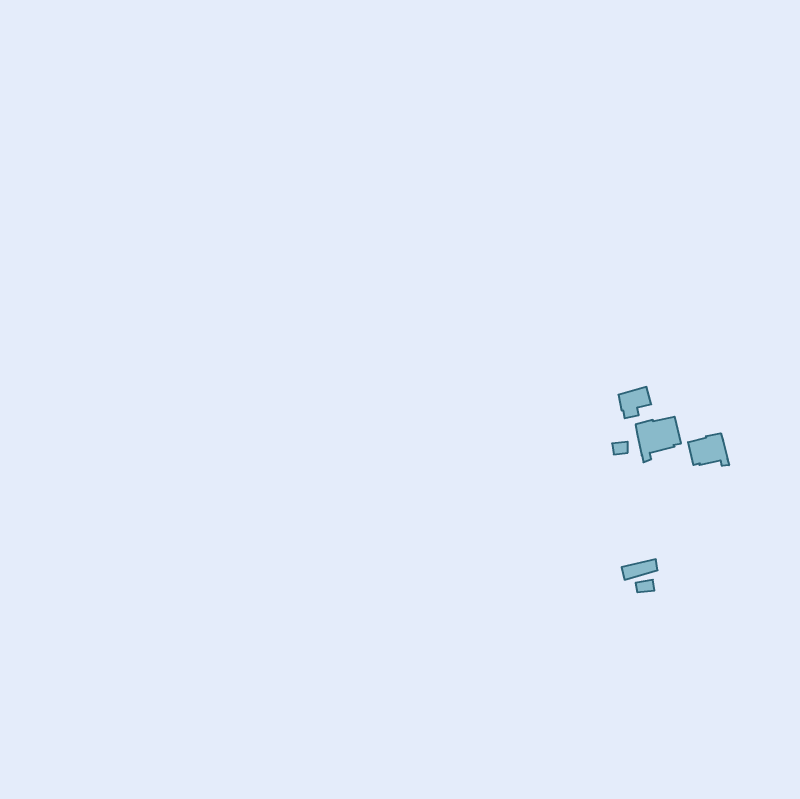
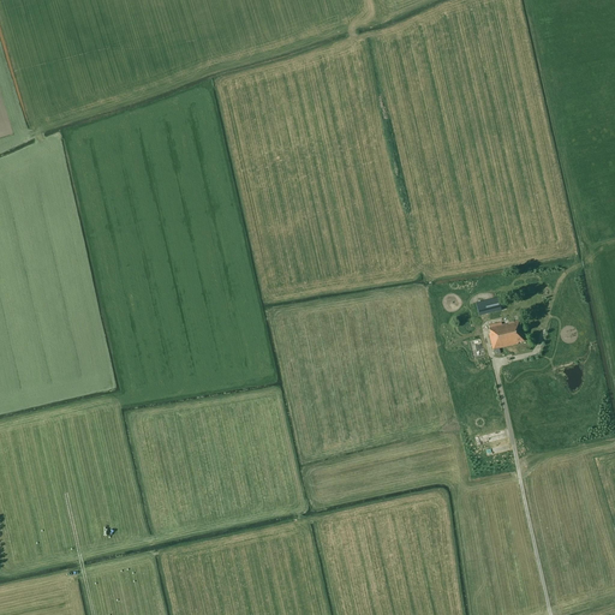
building: [688,433,729,466] -> none

